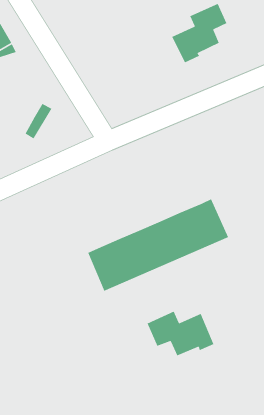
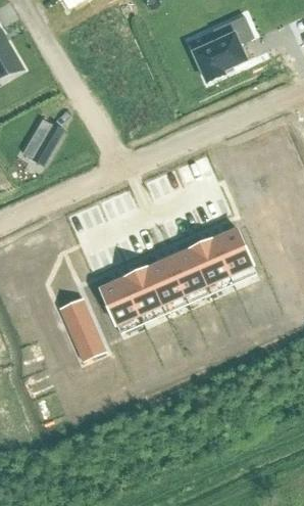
building: none -> [62,305,104,360]
building: [146,311,215,357] -> none

